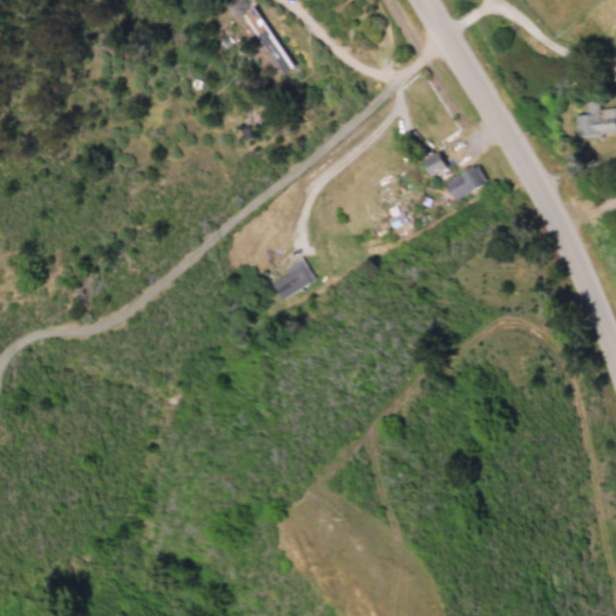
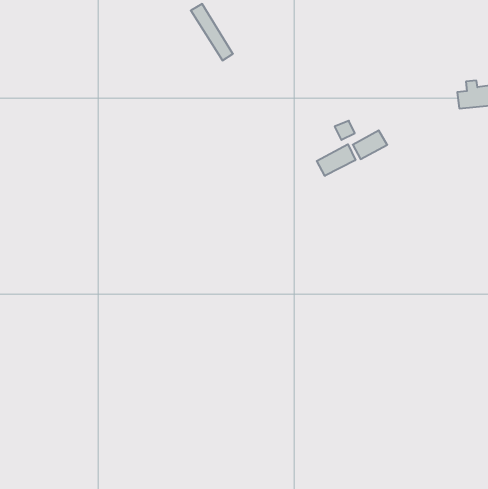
building: none -> [317,144,355,176]
building: [271,259,314,297] -> none

